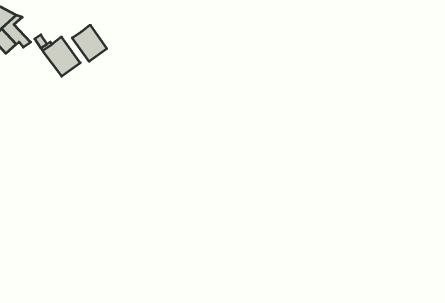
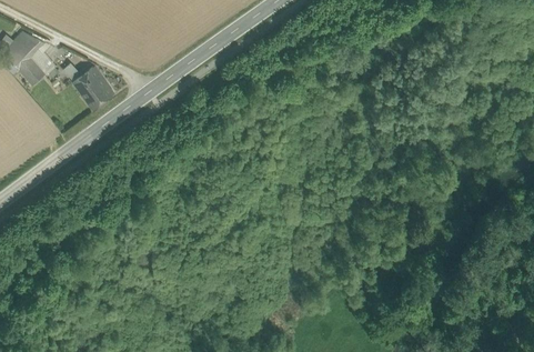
building: [72,25,107,61] -> none

